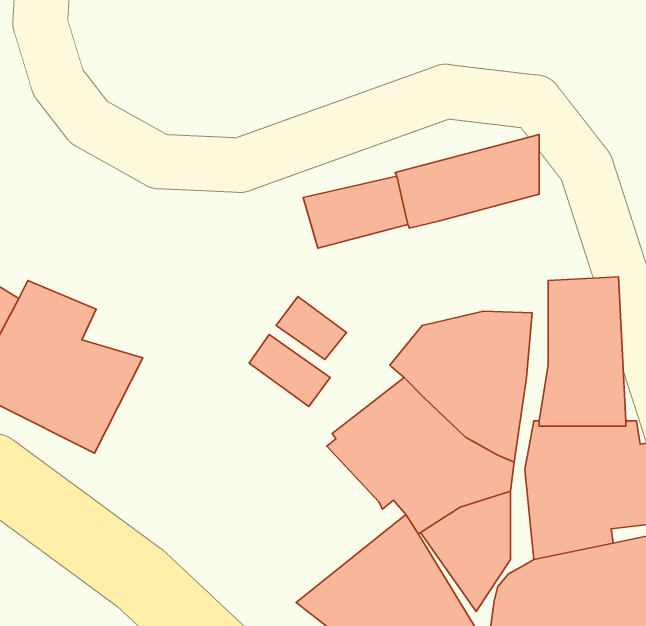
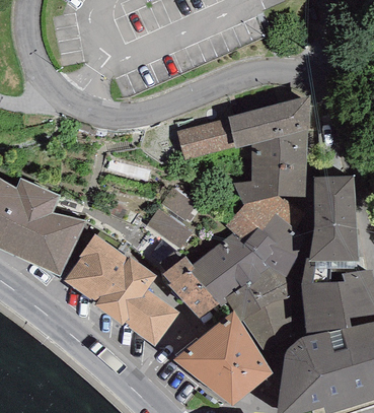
building: none -> [232,129,308,203]
building: none -> [63,233,178,345]
building: none -> [160,256,218,317]

